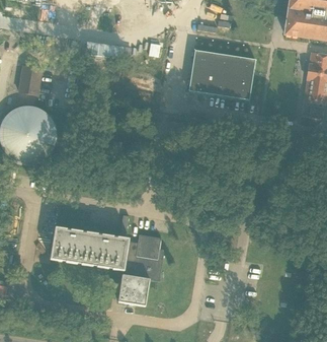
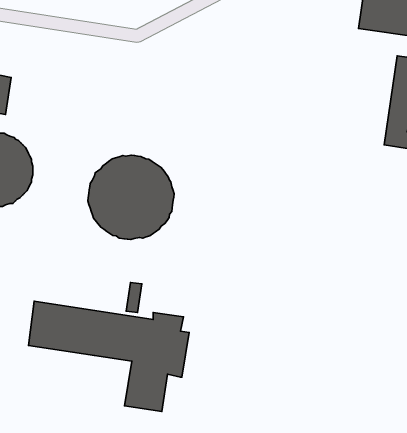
building: [188,50,255,99] -> none
building: none -> [88,155,174,240]

